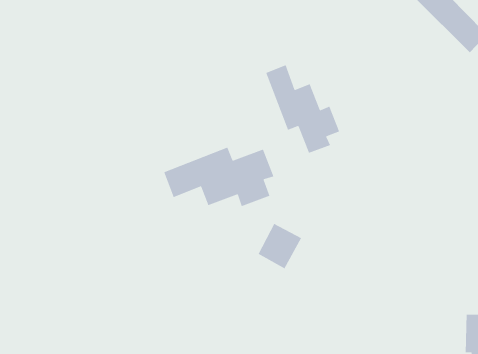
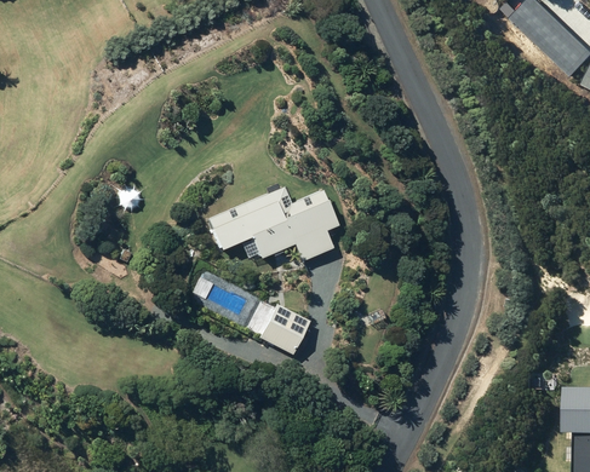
building: [265,64,340,154] -> none
building: [258,223,302,269] -> [257,300,310,356]

